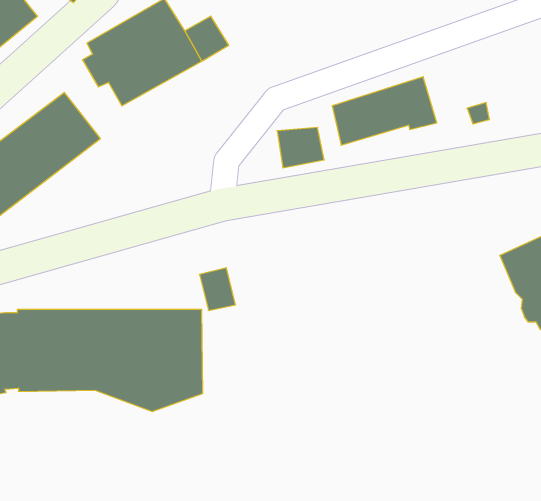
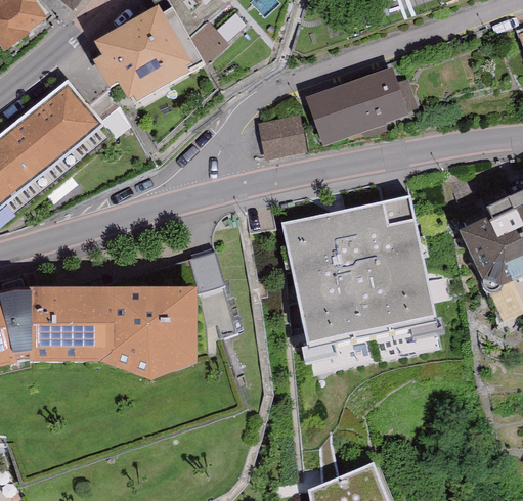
building: none -> [280,199,435,358]

